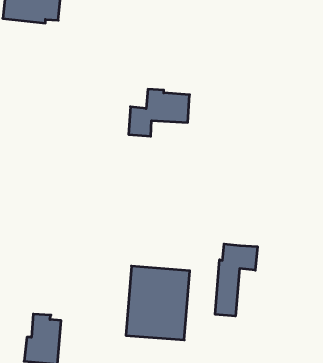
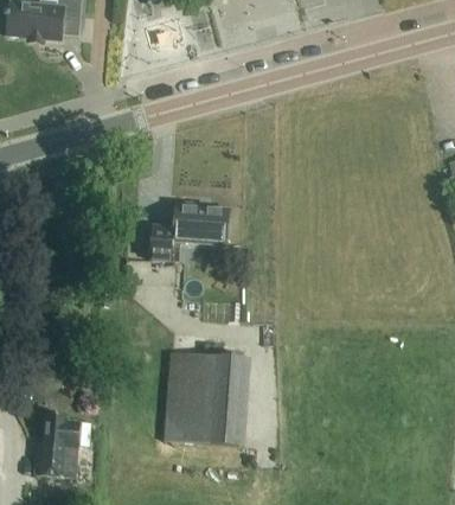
building: [129,89,190,136] -> [150,200,229,261]
building: [215,244,257,316] -> none

